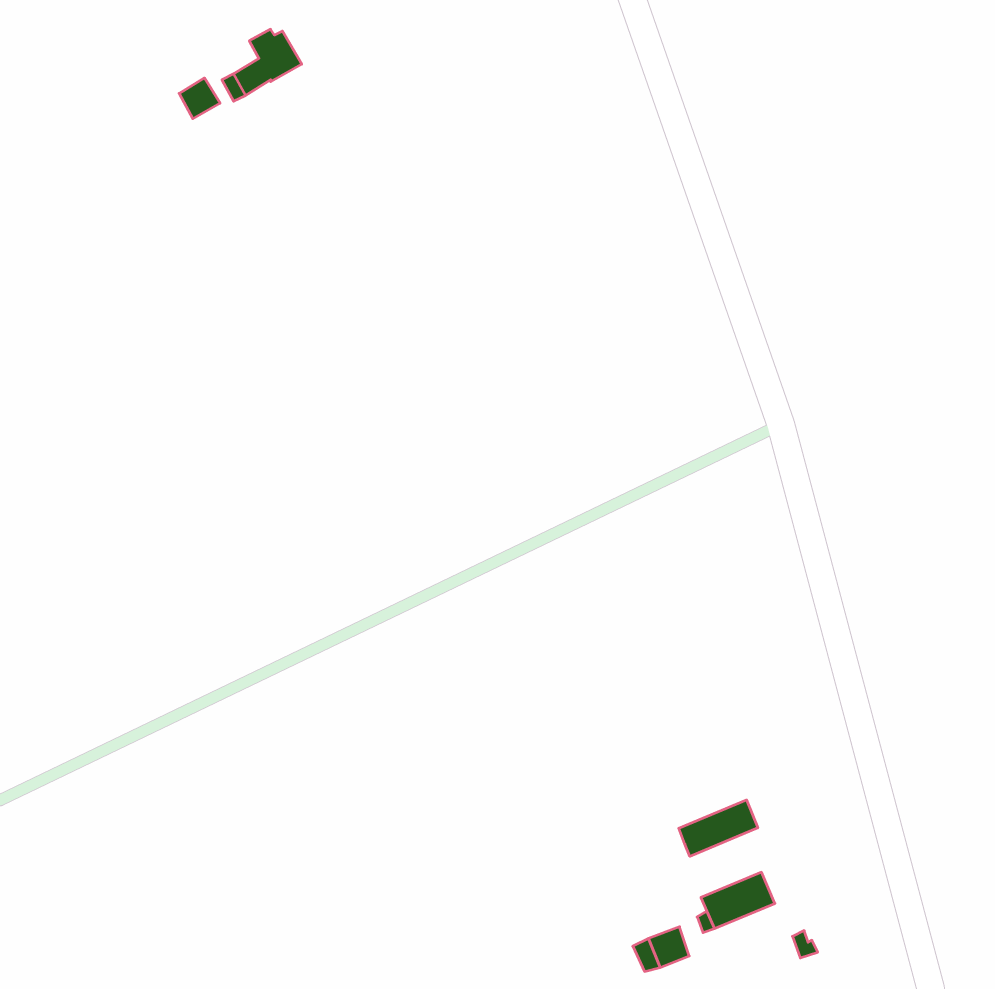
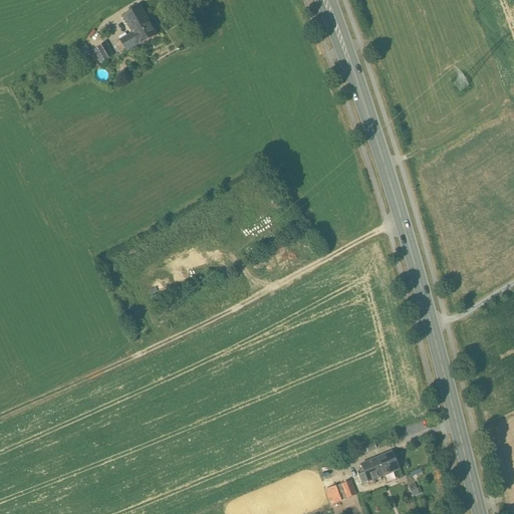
building: [679,800,758,856] -> none

